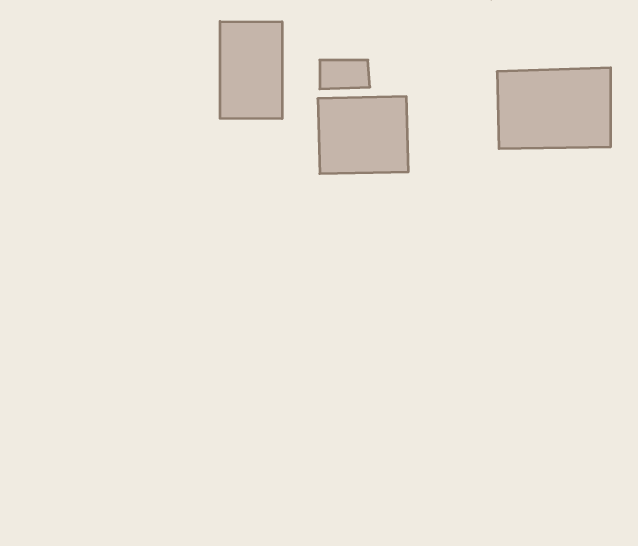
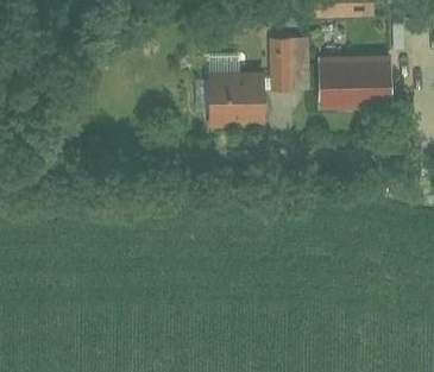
building: [220,21,282,119] -> none
building: none -> [270,36,312,86]

